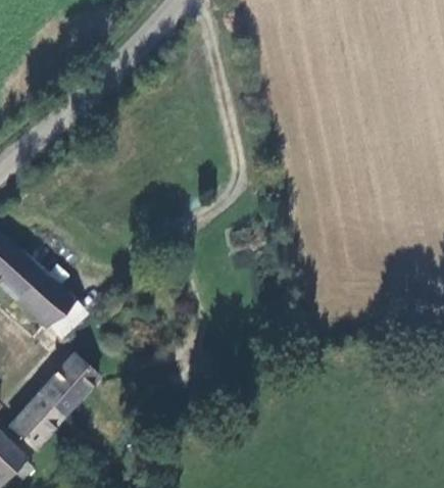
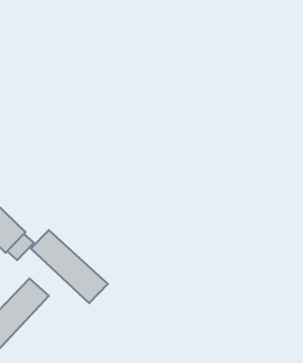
building: none -> [31,230,108,303]

